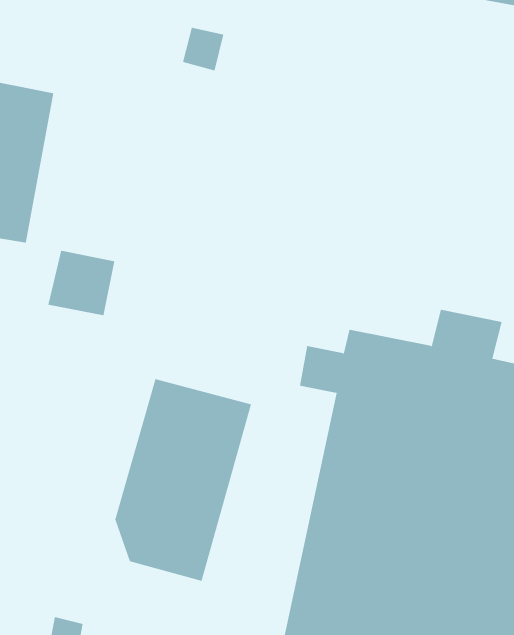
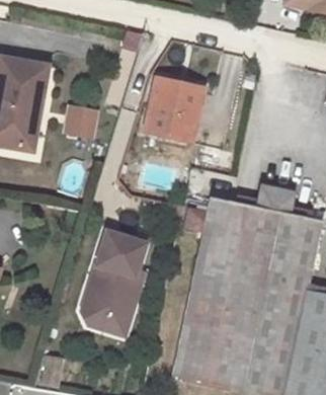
building: none -> [145,78,202,142]
building: [48,250,115,316] -> [59,103,96,140]

